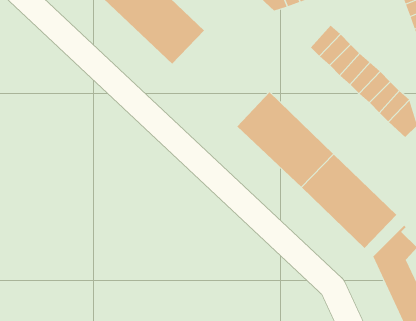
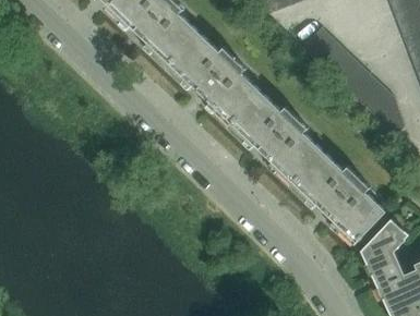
building: none -> [169,32,263,124]

